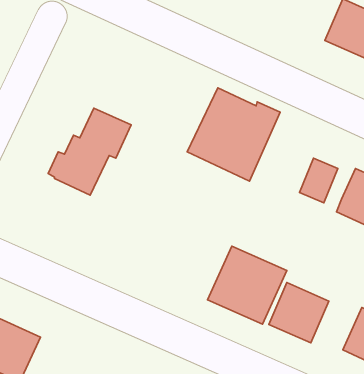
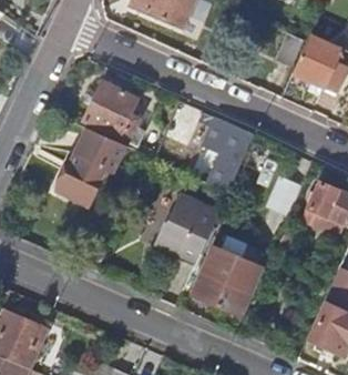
building: none -> [85,81,145,146]
building: none -> [155,193,218,262]
building: [269,282,329,343] -> none

